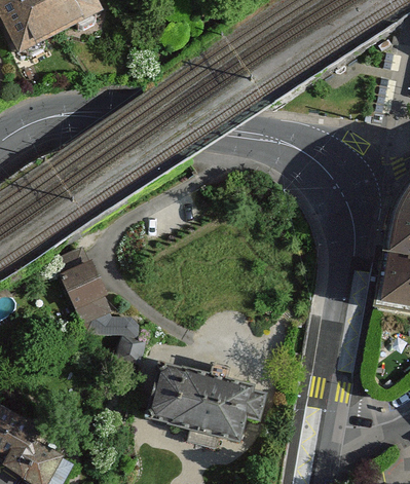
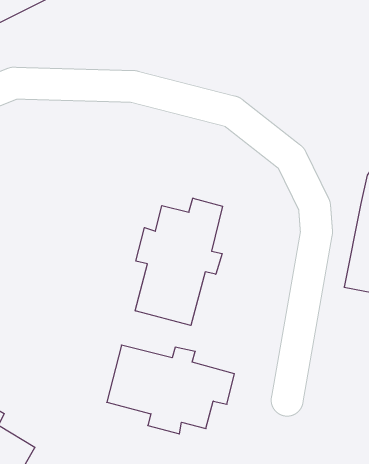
building: none -> [135,198,223,325]
building: [54,241,142,338] -> none

